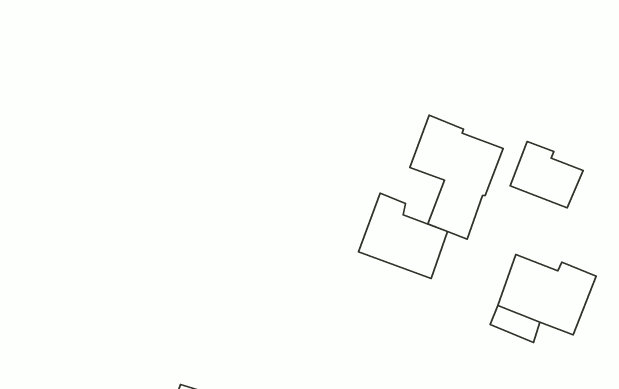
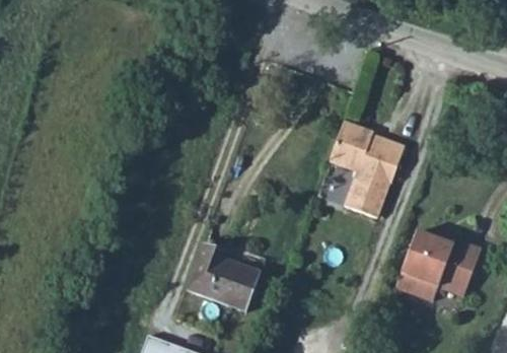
building: [510,142,583,208] -> none
building: [358,193,448,279] -> [189,241,260,309]

